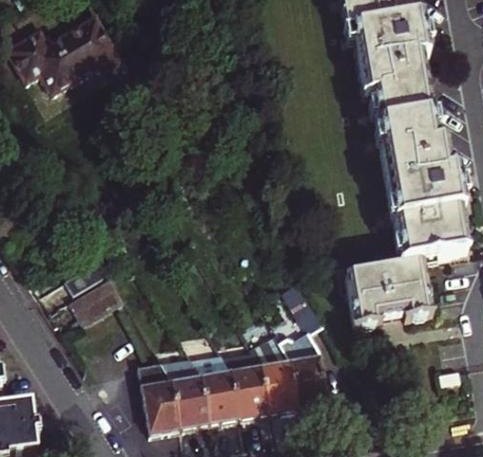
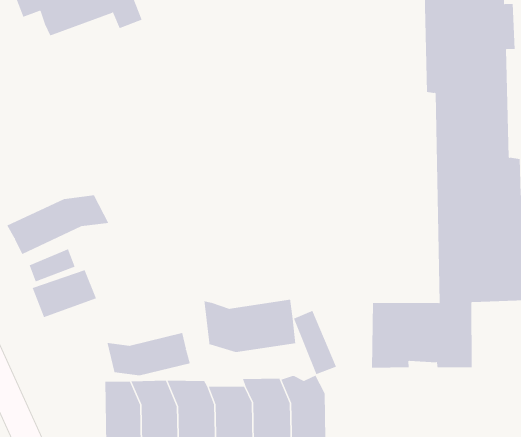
building: none -> [7,195,109,255]
building: none -> [204,299,296,353]
building: none -> [107,332,190,376]

